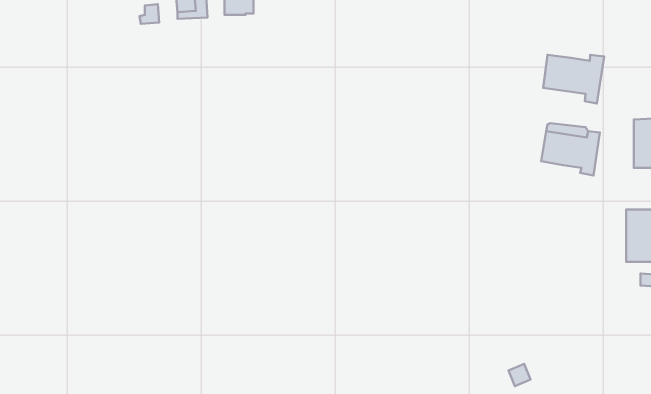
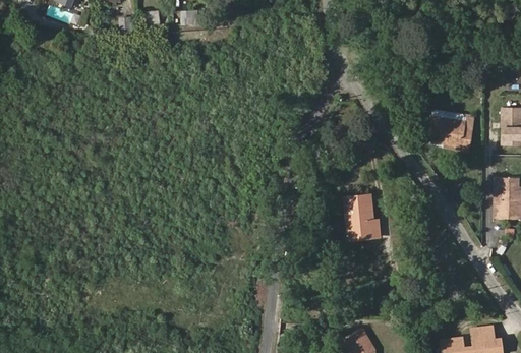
building: [543,55,604,104] -> none
building: none -> [345,193,374,239]

